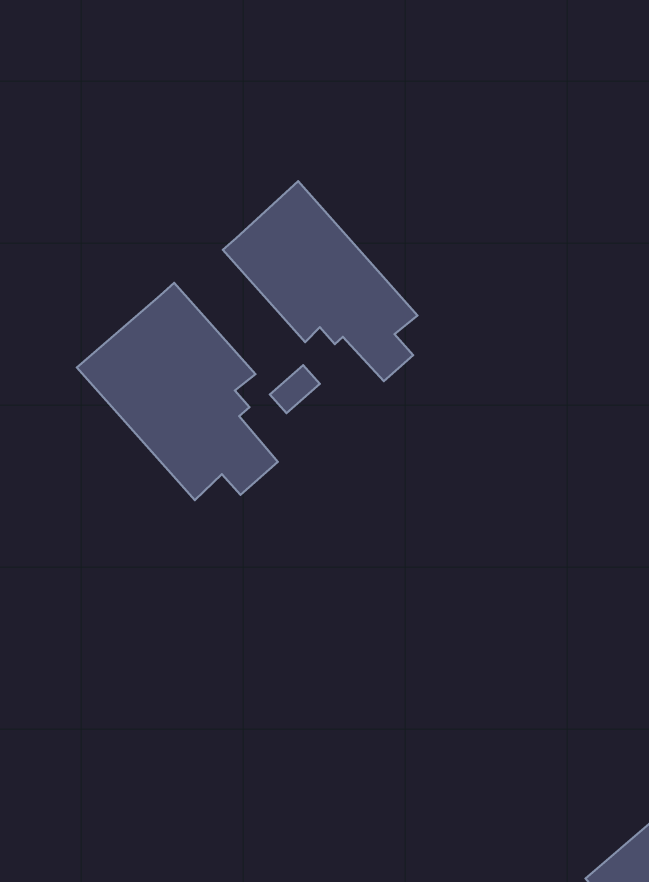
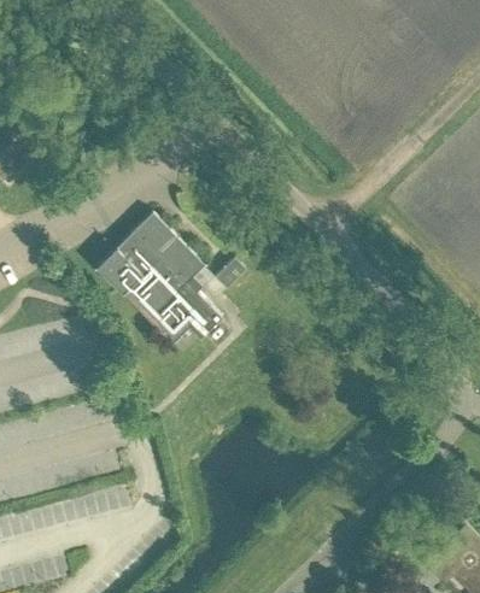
building: [223,181,418,381] -> none

